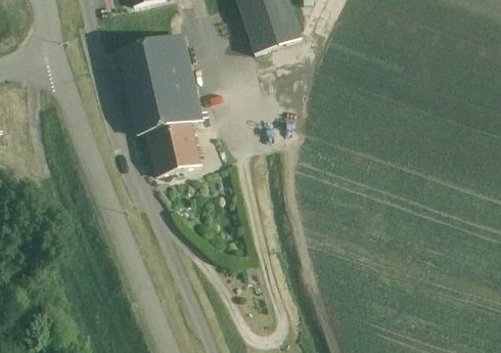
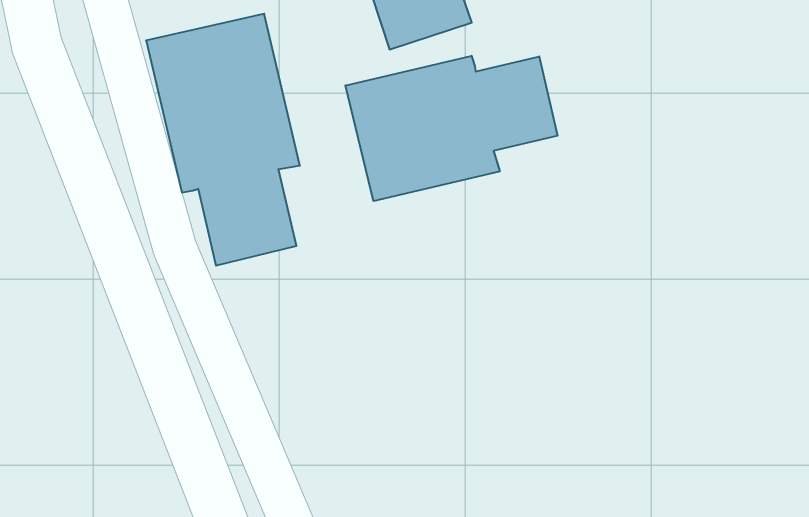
building: none -> [345,56,557,201]

